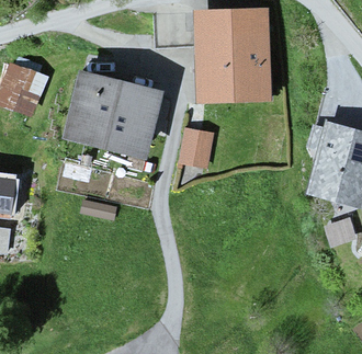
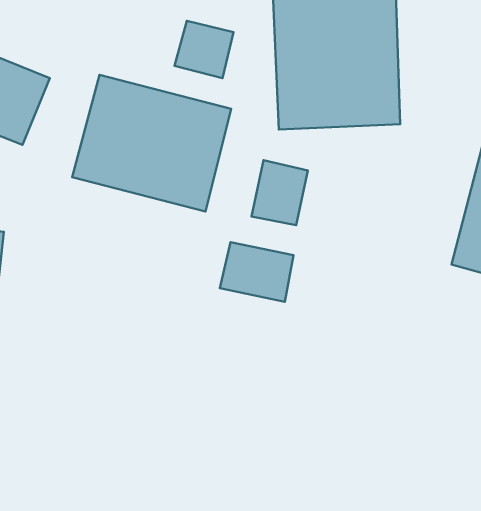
building: none -> [174,21,234,78]
building: none -> [220,242,294,302]

